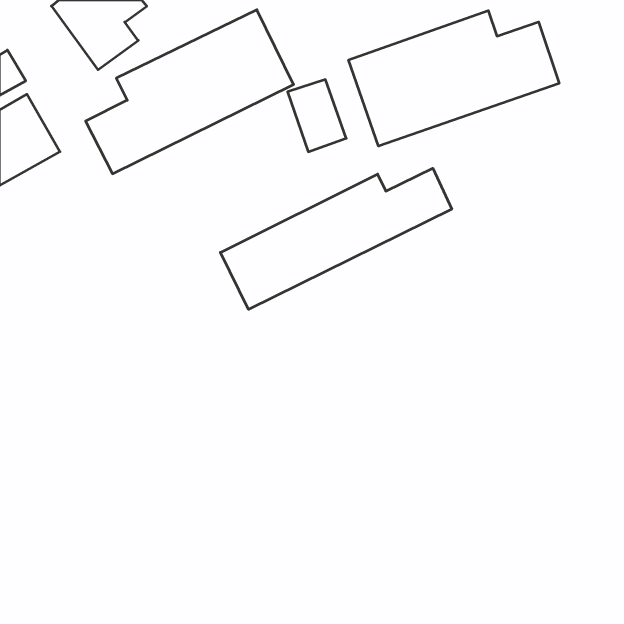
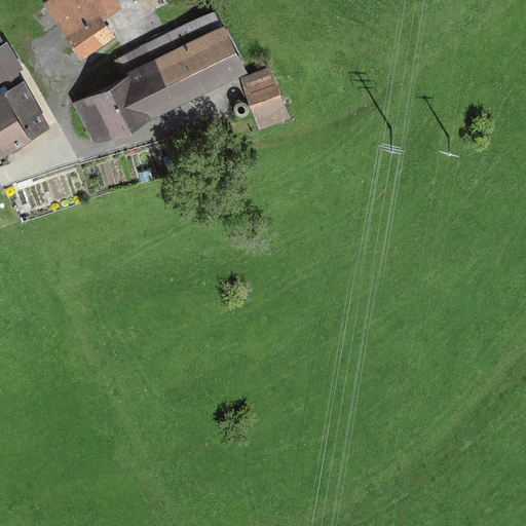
building: [349,11,559,146] -> none
building: [220,168,452,309] -> none

